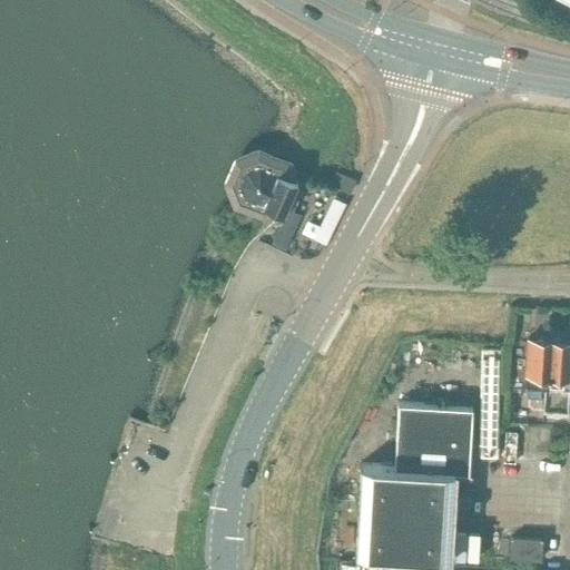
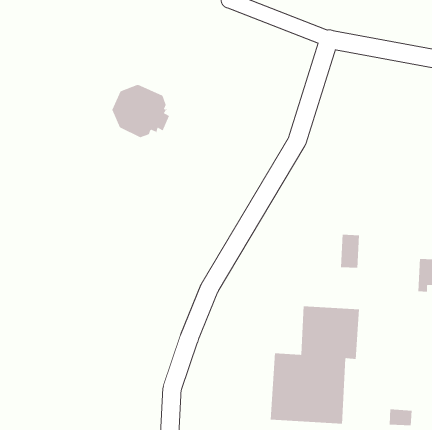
building: [226,153,303,223] -> [111,84,170,138]
building: [527,343,552,387] -> [340,234,360,268]

